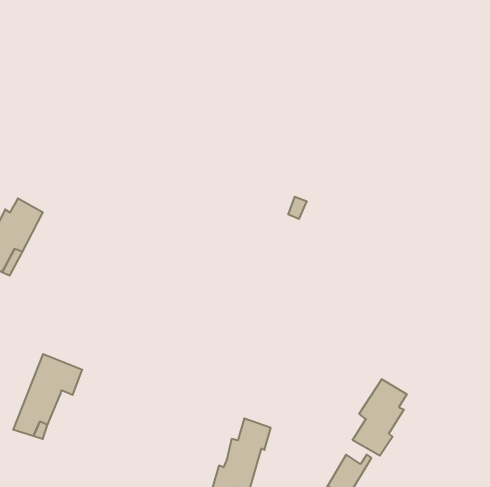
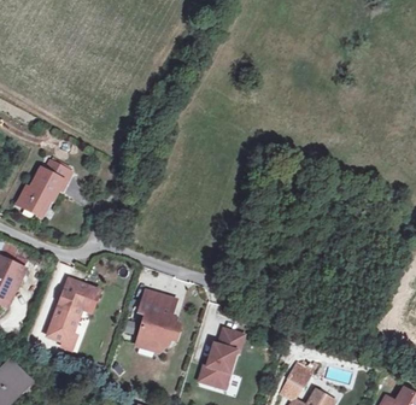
building: none -> [137,292,175,348]
building: [353,379,407,456] -> none

